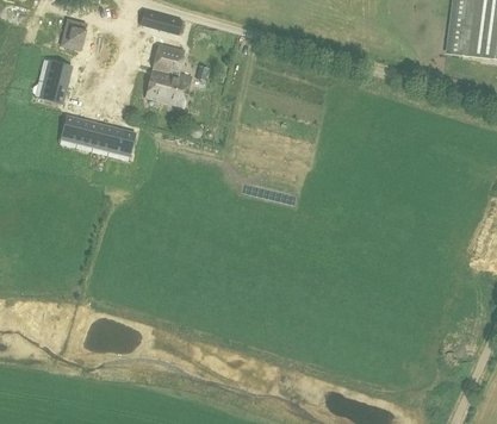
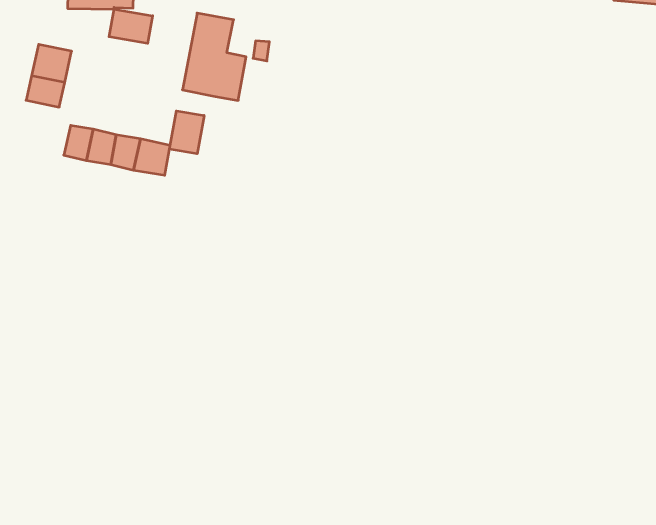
building: none -> [109,9,153,43]
building: none -> [169,111,204,154]

